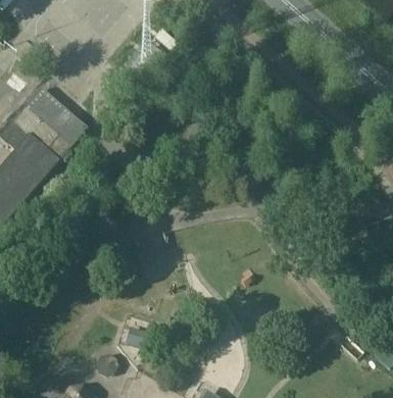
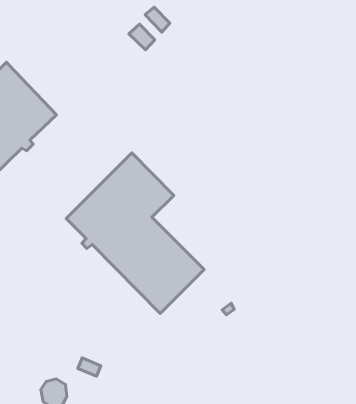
building: none -> [66,153,204,314]

